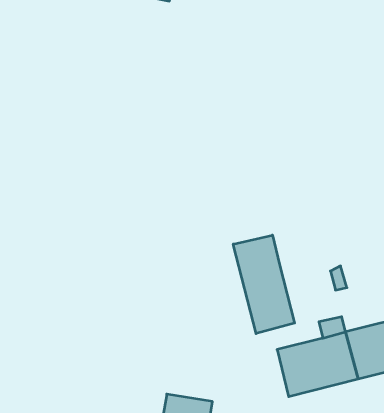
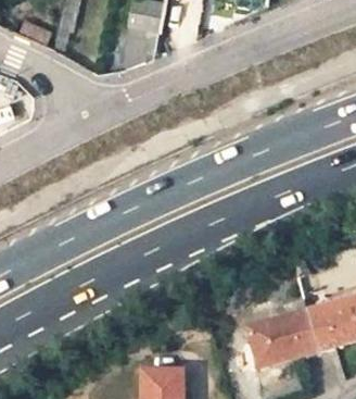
building: [233,235,295,334] -> none

